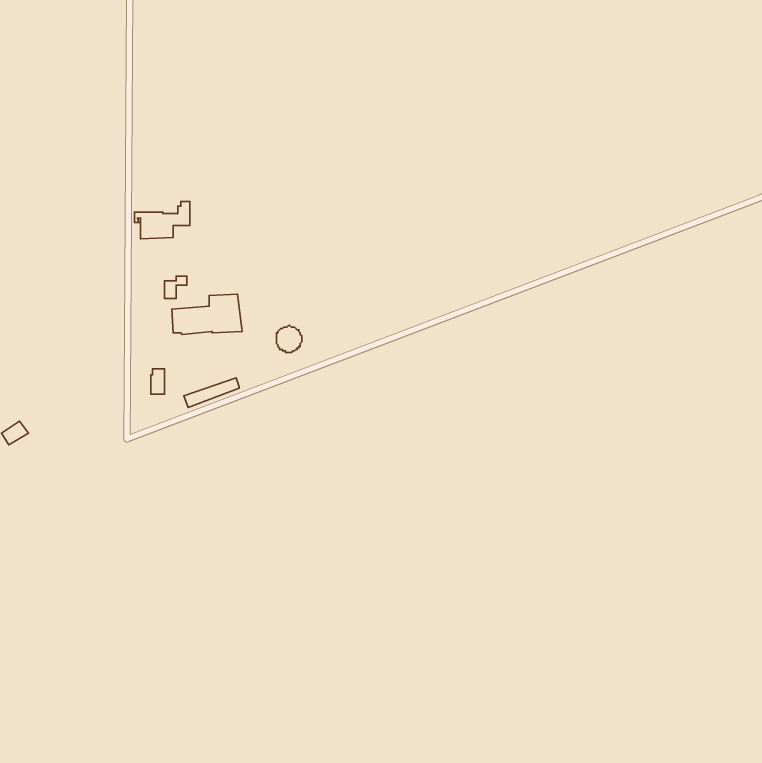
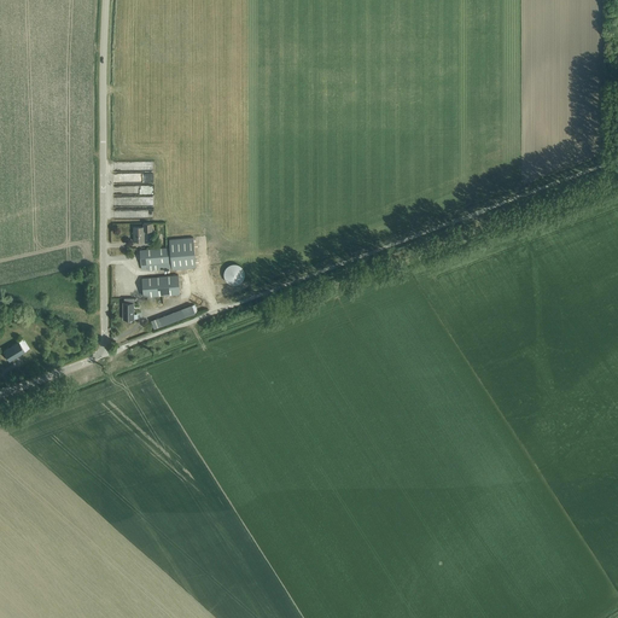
building: none -> [141,275,179,296]

